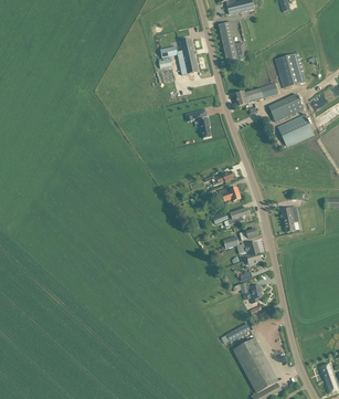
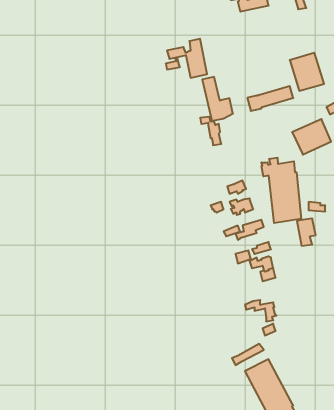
building: [218,22,246,63] -> [202,77,233,121]
building: [268,94,301,120] -> none
building: none -> [261,158,301,223]

